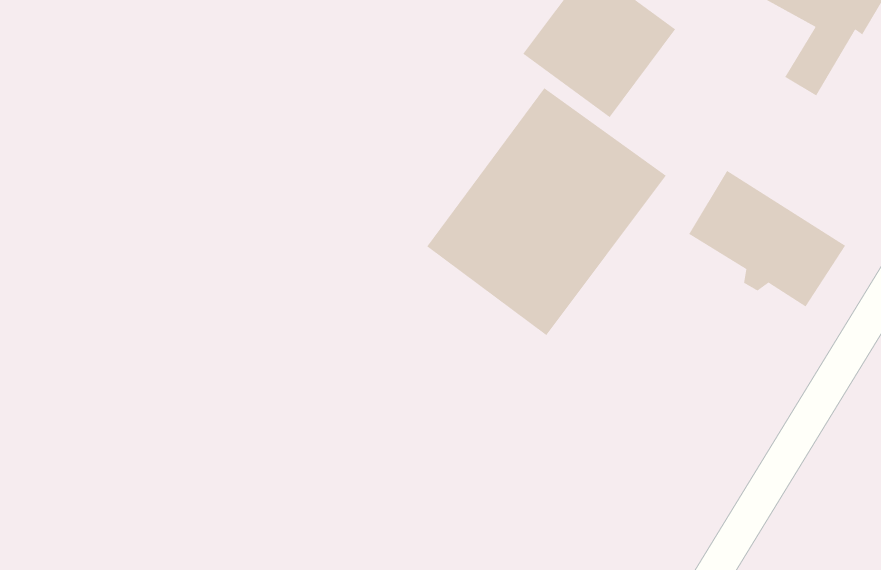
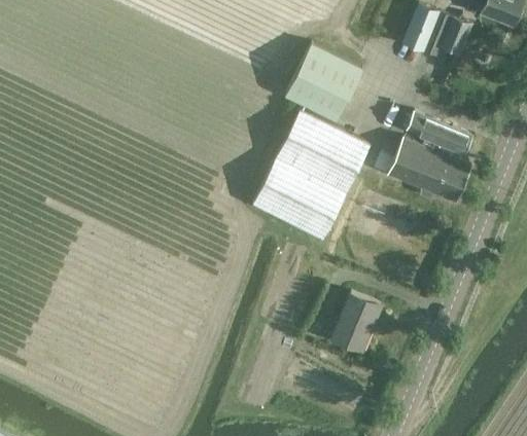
building: none -> [405,113,472,157]
building: none -> [330,293,381,352]

